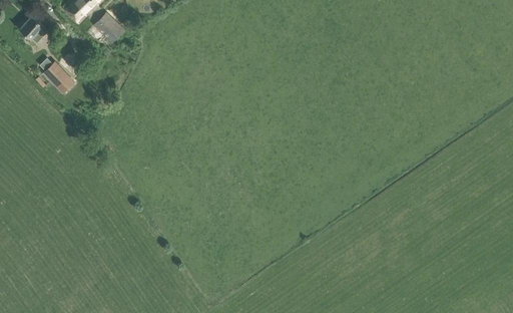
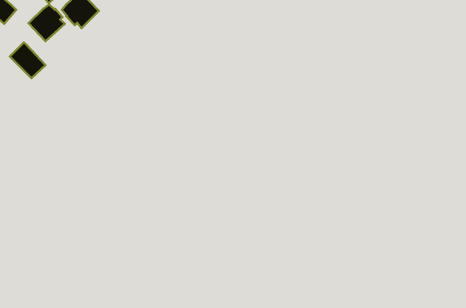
building: none -> [28,4,65,41]

